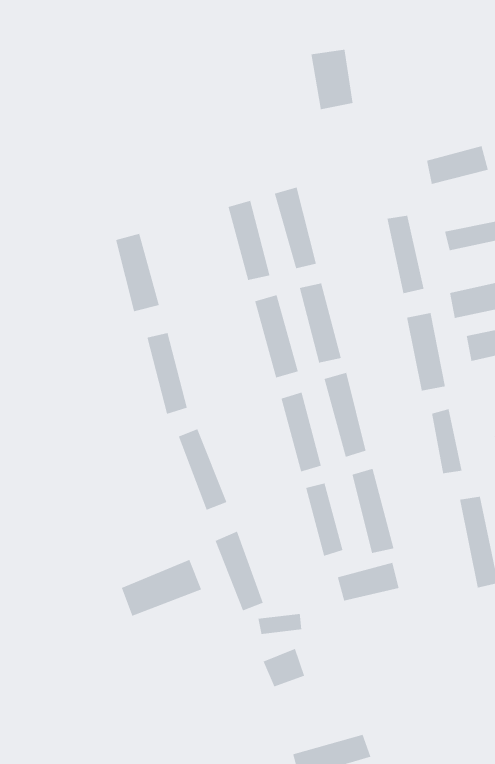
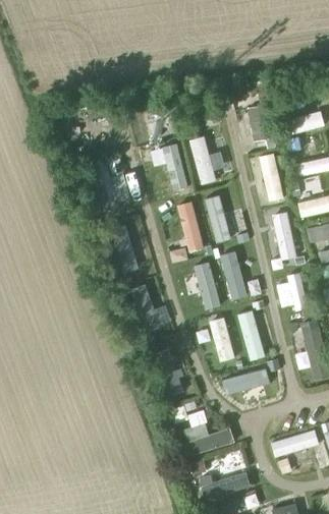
building: [310,49,353,110] -> [248,102,274,139]
building: [121,559,202,617] -> none
building: none -> [275,430,318,457]

